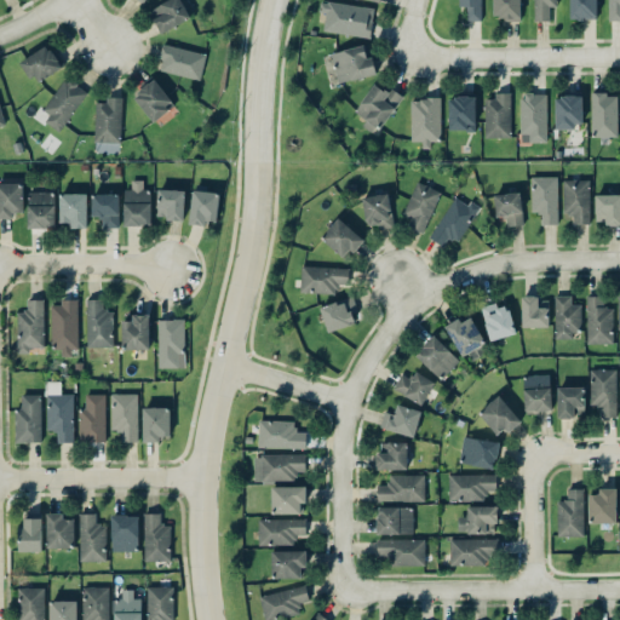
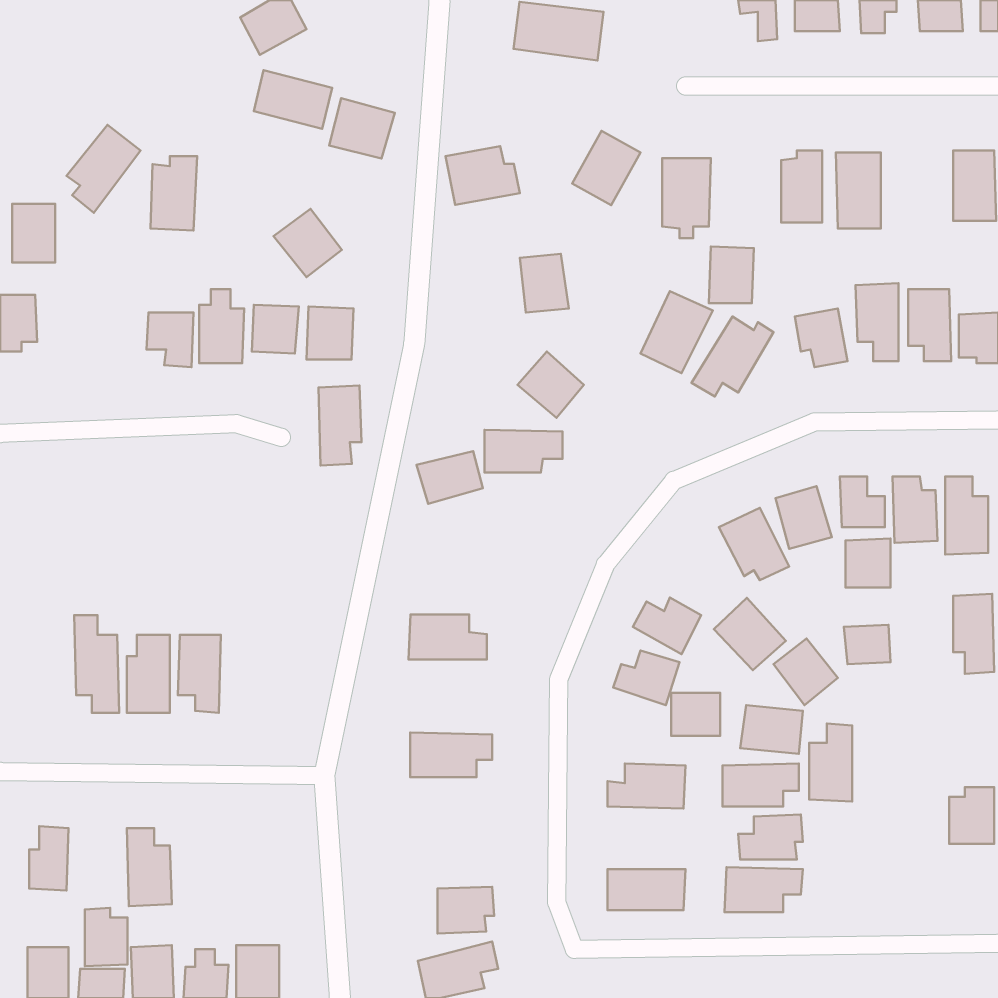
building: [22,45,62,84] -> none
building: [331,46,377,82] -> [446,146,520,205]
building: none -> [329,98,395,158]
building: [132,79,174,121] -> [273,209,342,277]
building: [448,96,476,131] -> [709,246,754,303]
building: [555,96,582,128] -> none
building: [28,191,54,228] -> [12,204,55,263]
building: [59,193,87,229] -> none
building: [363,194,394,230] -> [520,254,569,313]
building: [320,298,361,331] -> [416,451,483,504]
building: [17,299,44,354] -> none
building: [86,299,114,348] -> none
building: [51,302,79,352] -> none
building: [122,314,150,350] -> none
building: [157,318,184,368] -> [319,386,362,466]
building: [414,334,459,379] -> [714,598,786,670]
building: [557,386,585,417] -> [846,539,891,587]
building: [15,394,41,442] -> none
building: [143,407,171,442] -> none
building: [258,420,306,448] -> [409,615,487,659]
building: [377,442,407,469] -> [671,693,720,736]
building: [271,486,306,513] -> none
building: [557,488,584,536] -> [809,723,852,802]
building: [377,506,413,534] -> none
building: [47,512,74,549] -> [85,908,128,966]
building: [143,513,171,562] -> none
building: [111,515,138,551] -> none
building: [258,518,305,545] -> none

